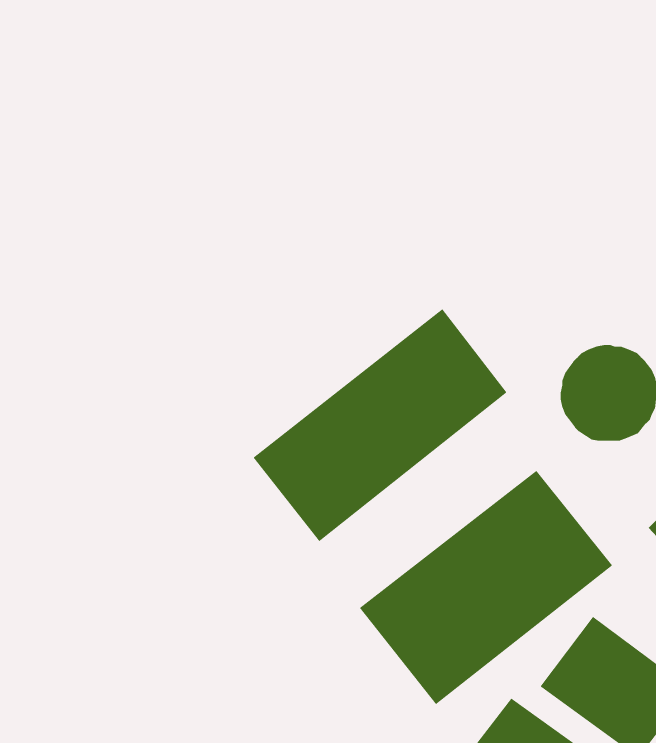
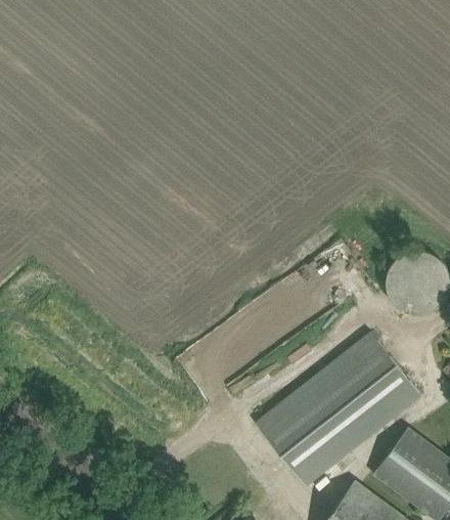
building: [253,308,507,542] -> none

